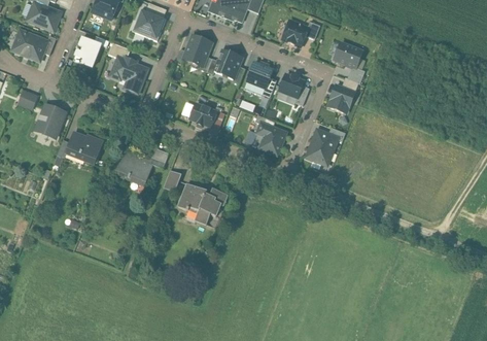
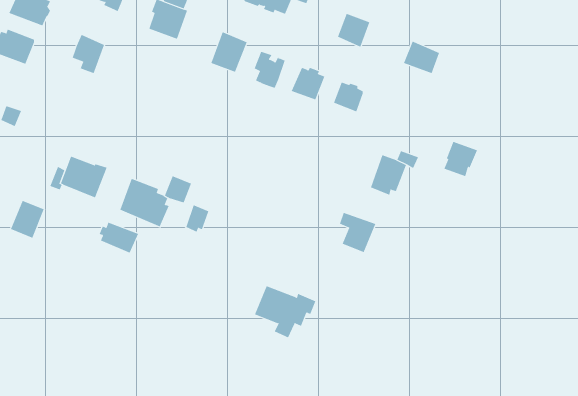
building: [111,57,143,93] -> none
building: [328,84,355,112] -> [444,141,478,177]
building: [189,103,217,126] -> none
building: [37,106,64,136] -> [10,200,45,238]
building: [257,123,286,155] -> [339,212,376,253]
building: none -> [99,222,139,253]
building: [179,183,228,225] -> [254,285,316,338]

